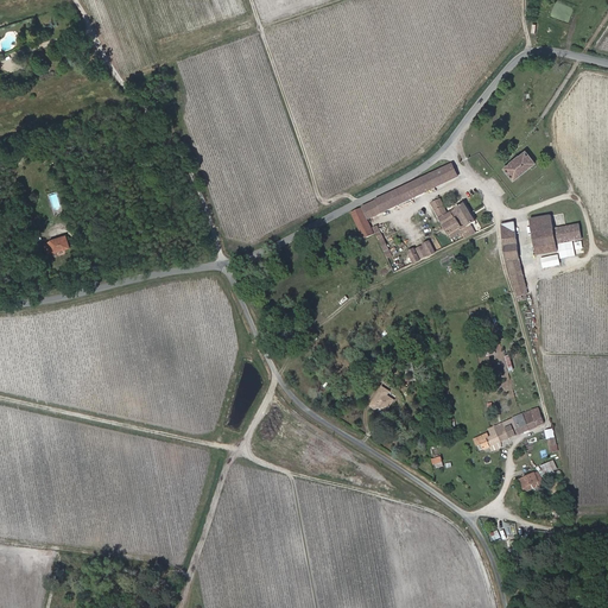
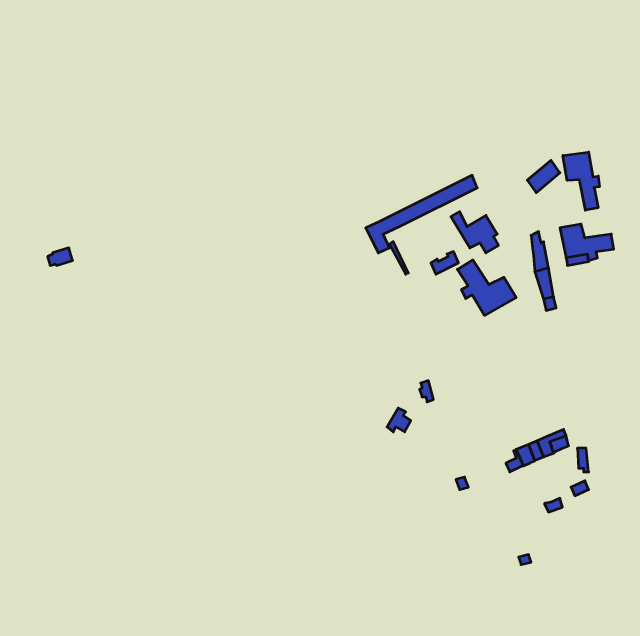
building: none -> [563,152,599,210]
building: none -> [457,260,516,315]

